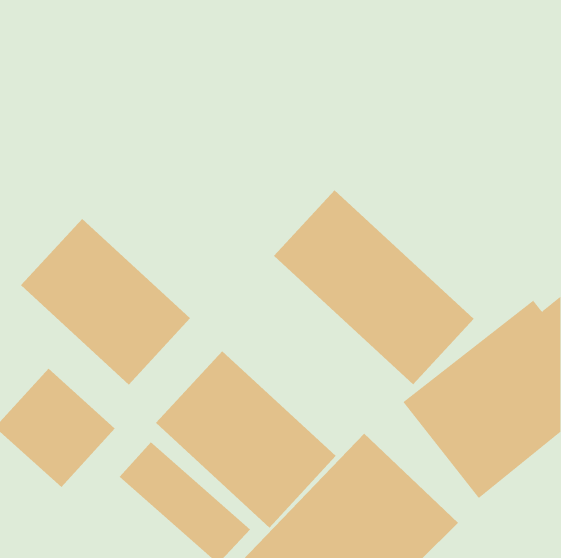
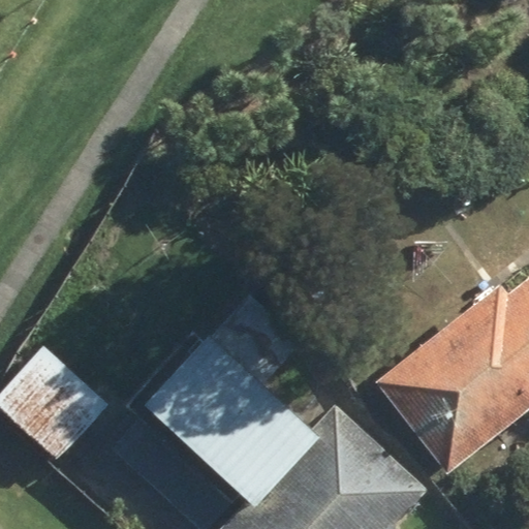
building: [273,189,475,385] -> none
building: [20,218,191,385] -> none

